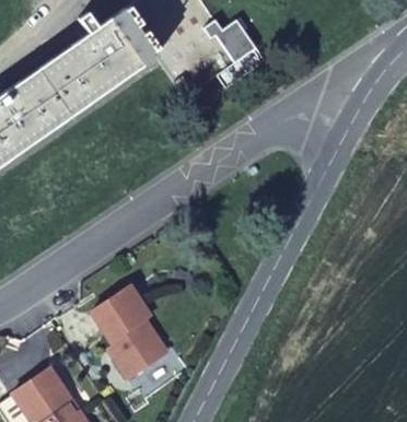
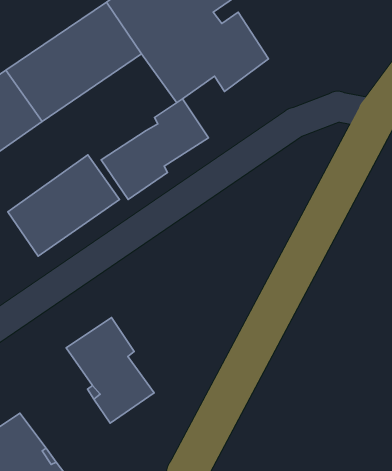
building: none -> [101,99,208,199]
building: none -> [8,155,119,256]

